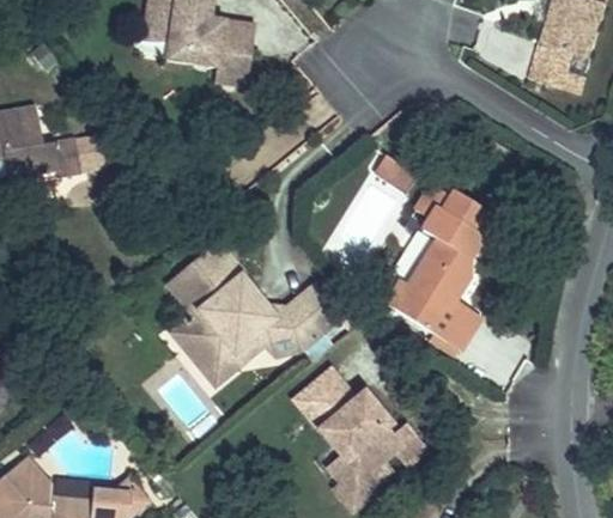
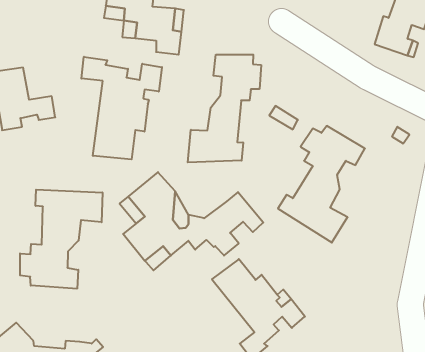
building: none -> [188,55,261,162]
building: none -> [81,57,162,159]
building: none -> [20,190,102,289]

